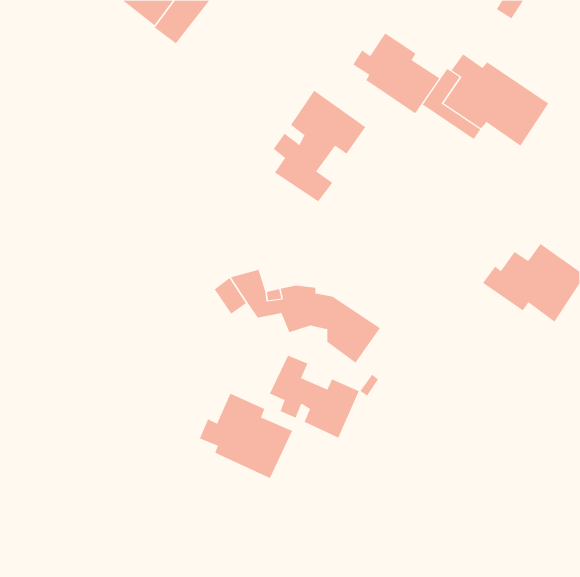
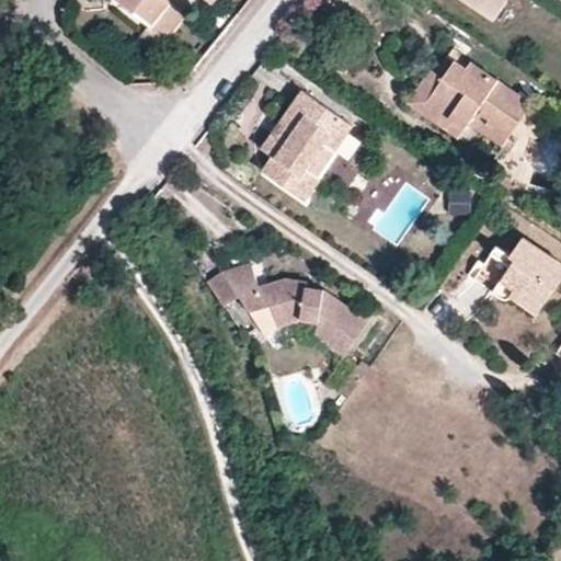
building: [353,32,440,114] -> none
building: [269,355,359,438] -> none
building: [199,393,293,479] -> none

